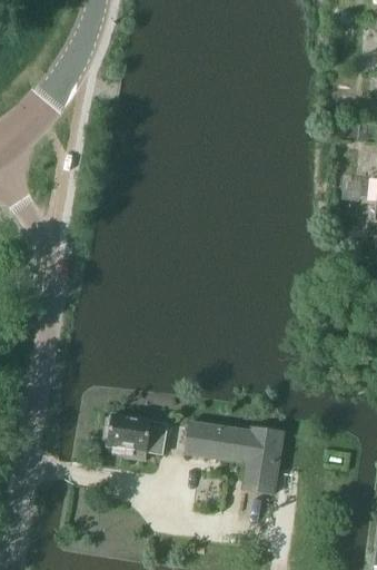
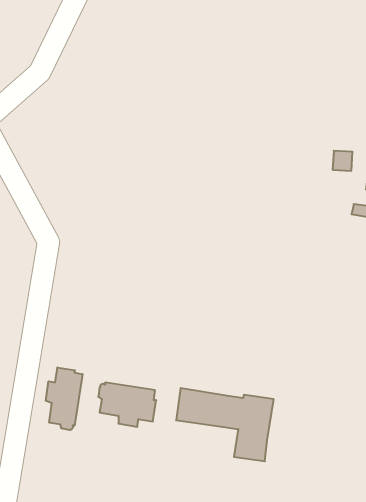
building: none -> [46,367,83,430]

